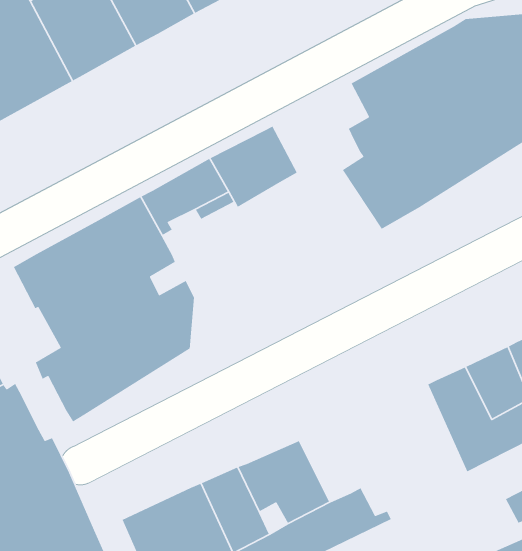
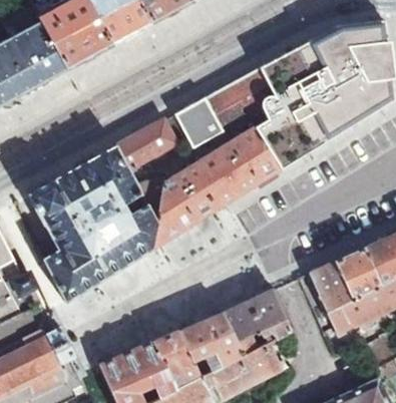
building: none -> [205,69,270,130]
building: none -> [136,128,279,251]
building: none -> [223,290,294,355]

